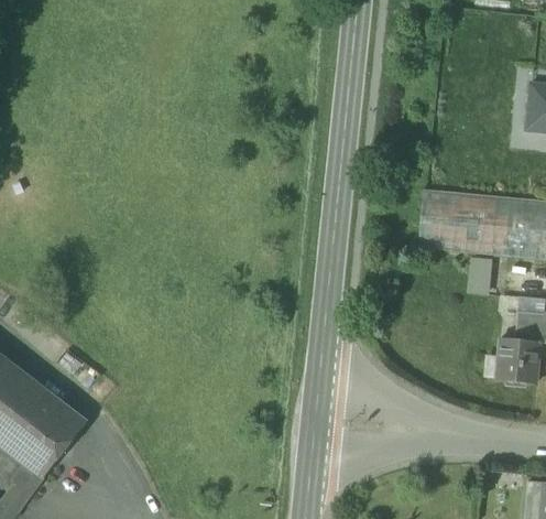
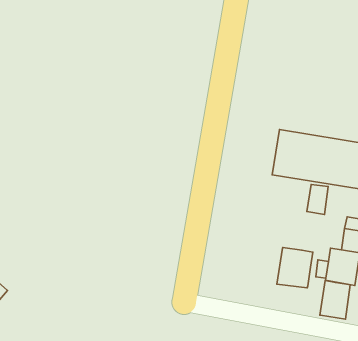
building: none -> [277,247,313,288]
building: none -> [320,281,350,319]

